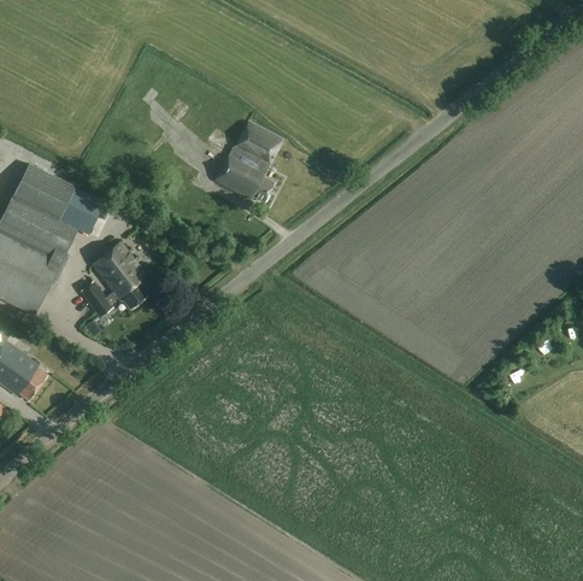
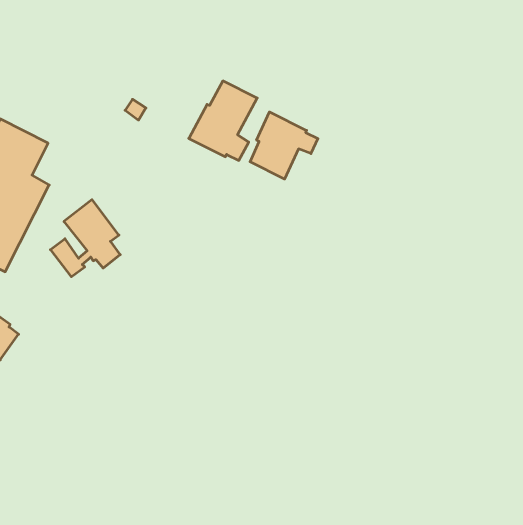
building: none -> [250,112,318,179]
building: [60,187,104,233] -> none

